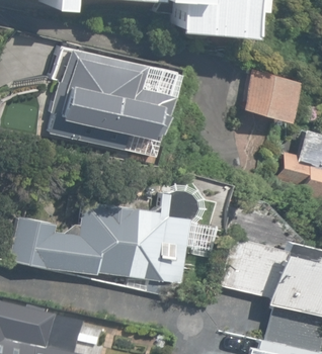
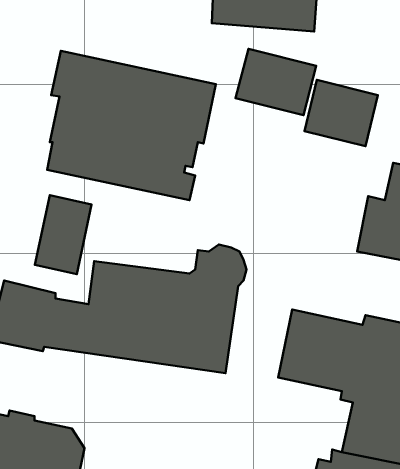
building: none -> [236,49,316,115]
building: none -> [35,195,92,274]

